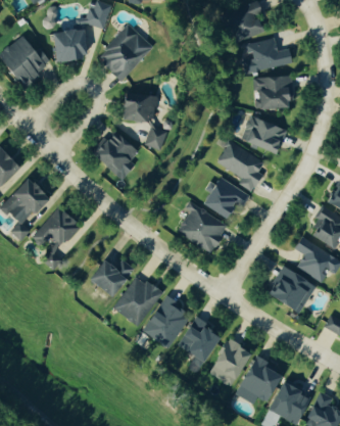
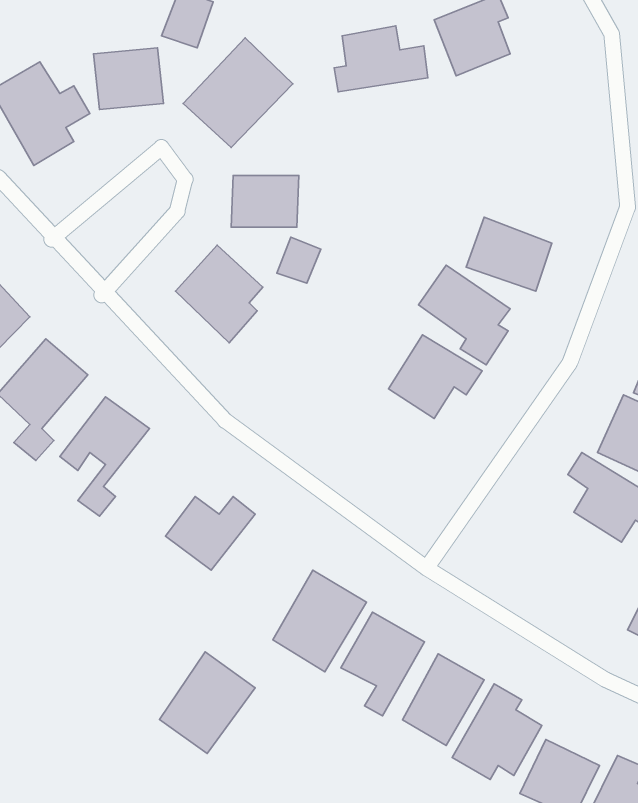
building: [244,38,292,72] -> [334,26,428,92]
building: [256,76,293,108] -> none
building: [178,202,228,251] -> none
building: [266,267,315,314] -> none
building: [113,274,162,326] -> [159,652,255,754]

